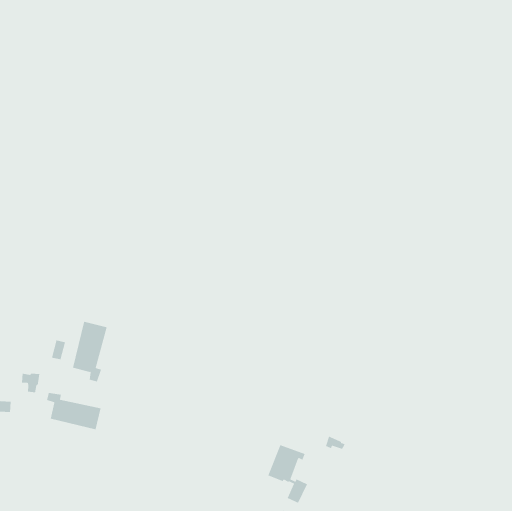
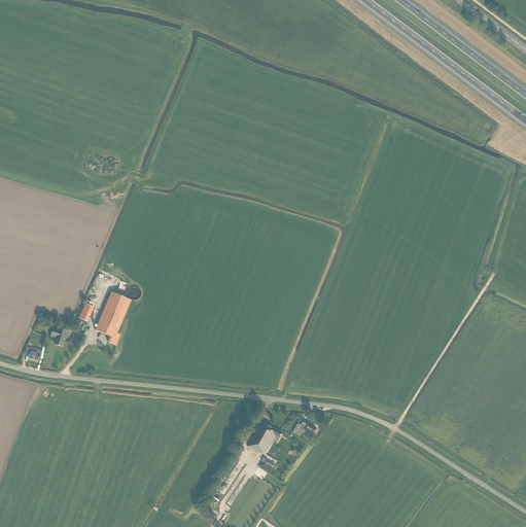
building: [47,392,101,430] -> none

